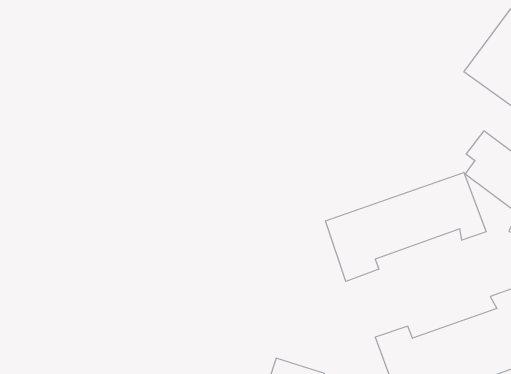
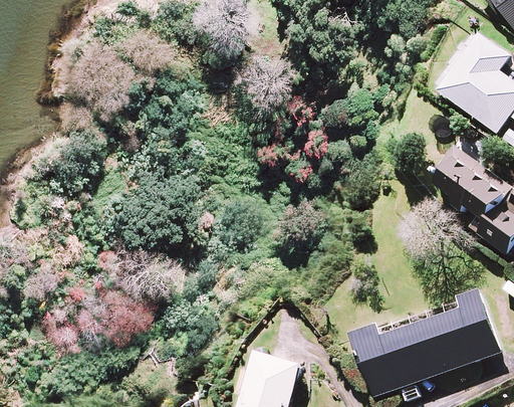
building: [326,172,486,281] -> none

